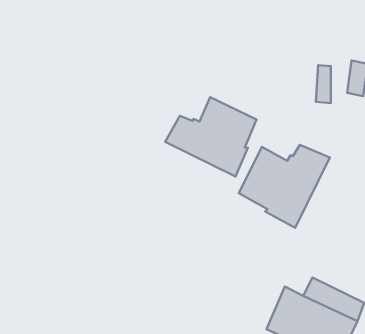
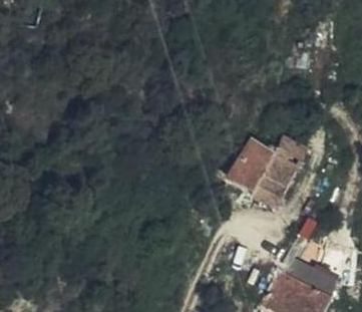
building: [165,97,256,176] -> none

